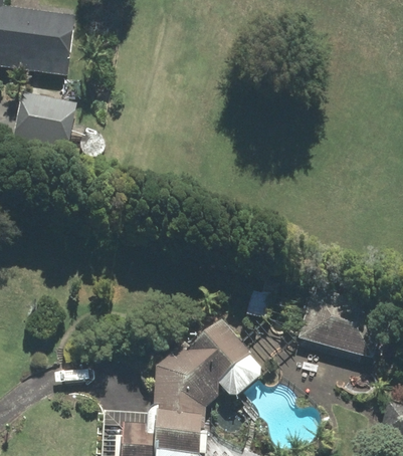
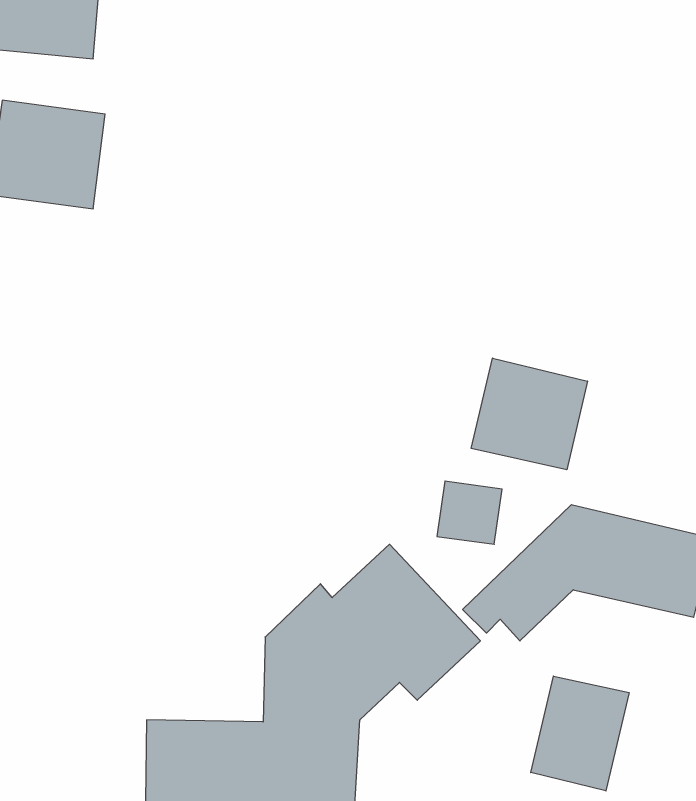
building: none -> [471,358,587,470]
building: none -> [531,676,629,791]

